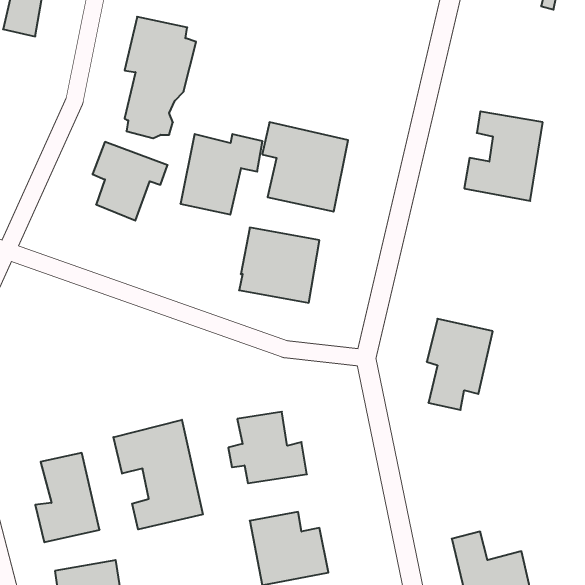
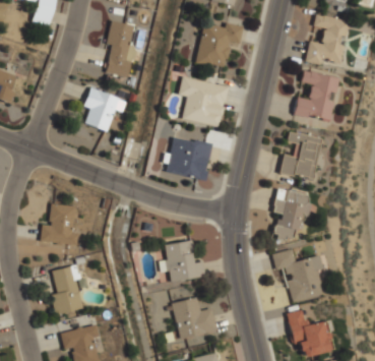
building: none -> [306,14,350,65]
building: [180,134,263,215] -> [196,22,243,68]
building: none -> [279,131,322,179]
building: none -> [40,204,77,245]
building: [113,420,203,529] -> none
building: none -> [272,249,325,303]

